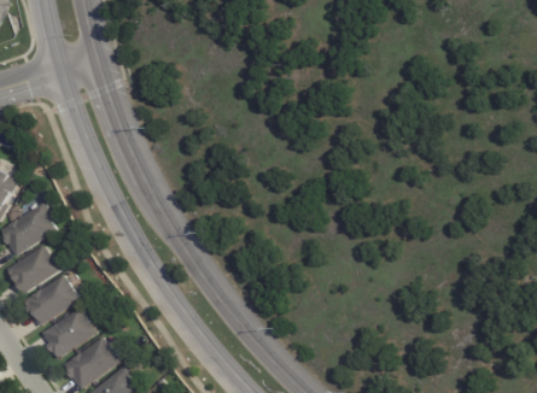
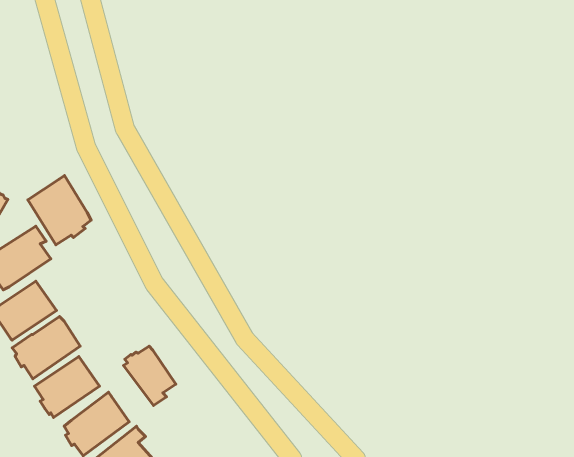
building: none -> [28,176,91,245]
building: none -> [124,346,176,406]

